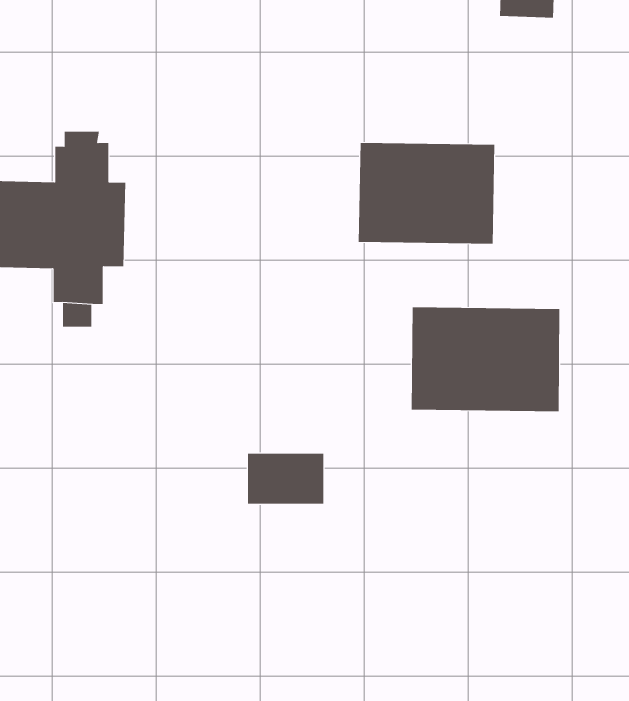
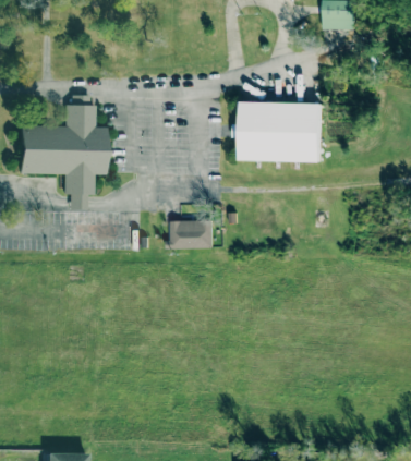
building: [411,306,560,412] -> none
building: [247,453,324,504] -> [168,220,213,250]

